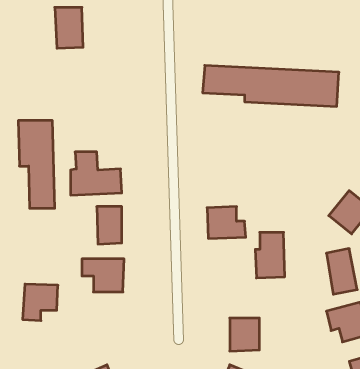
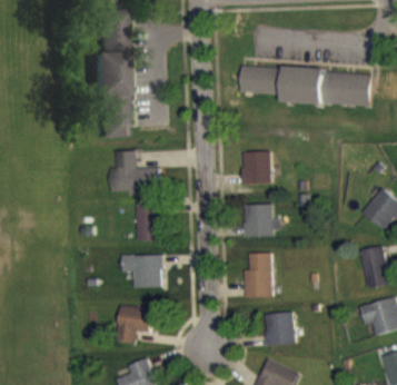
building: [18,121,55,208] -> [88,51,123,137]
building: none -> [241,151,270,184]
building: [255,232,285,278] -> [242,253,271,297]
building: [23,284,58,321] -> [117,306,151,342]

